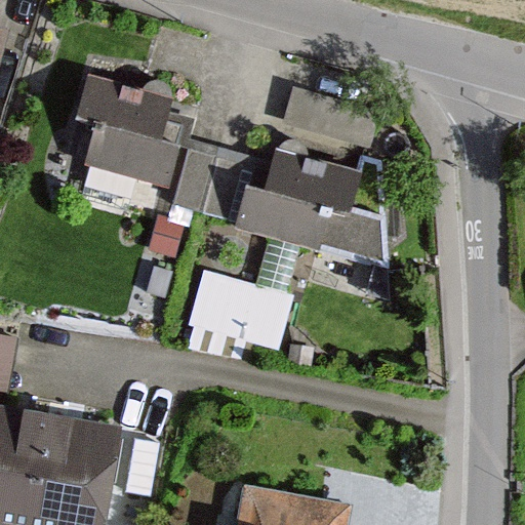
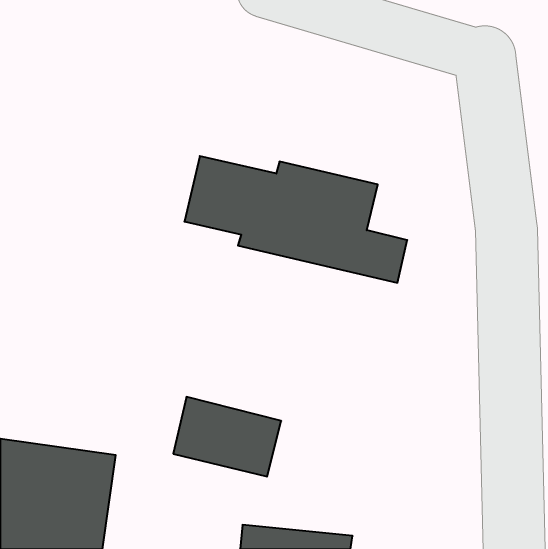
building: [69,81,176,195] -> none
building: [203,254,305,329] -> [173,397,281,477]

